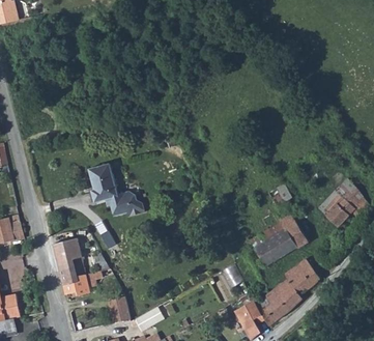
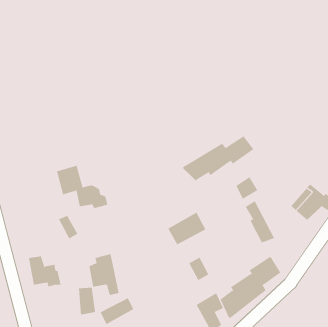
building: none -> [183,135,254,181]
building: [58,231,89,273] -> [88,254,120,295]
building: [256,232,294,265] -> [168,212,206,245]

